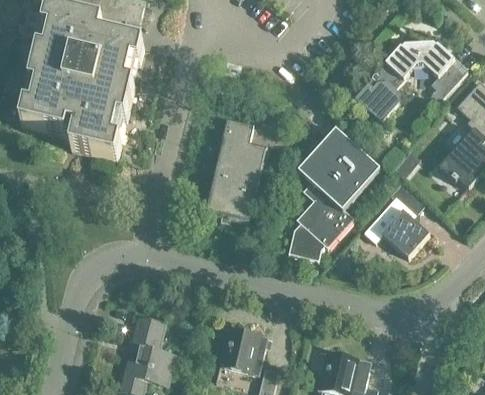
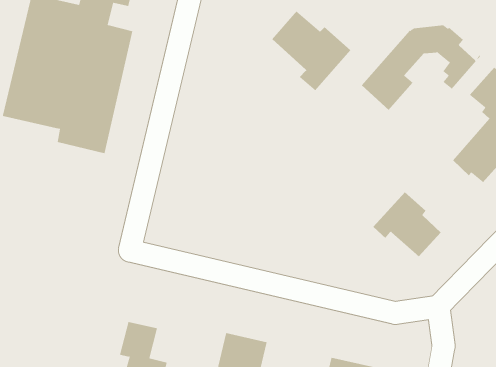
building: none -> [271,11,351,91]
building: [205,118,290,224] -> none
building: [288,131,382,260] -> none

